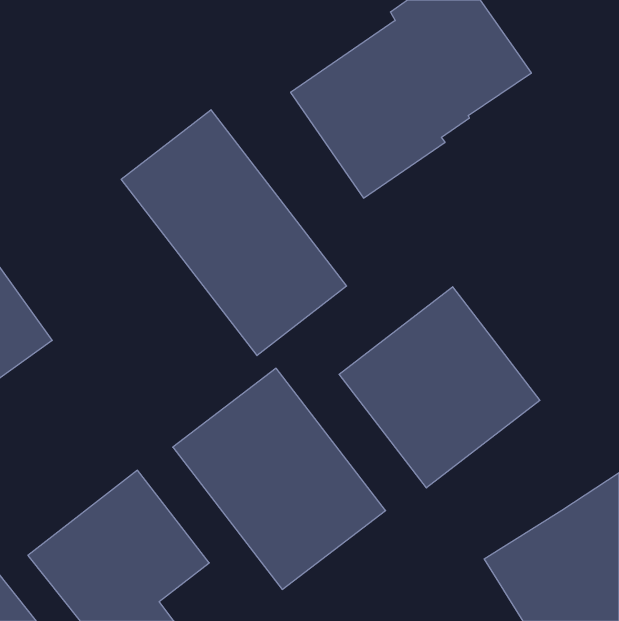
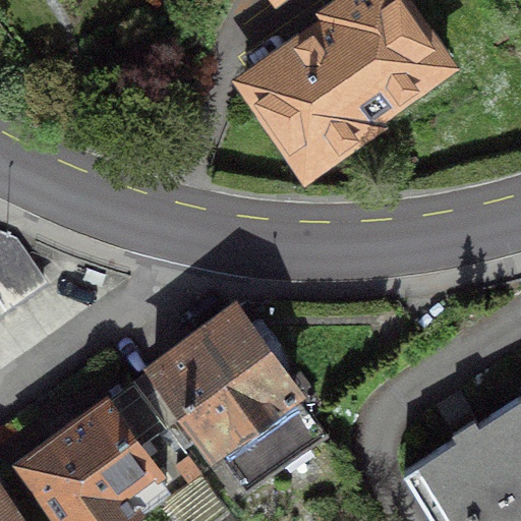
building: [121,110,347,356] -> none
building: [339,287,540,488] -> none

